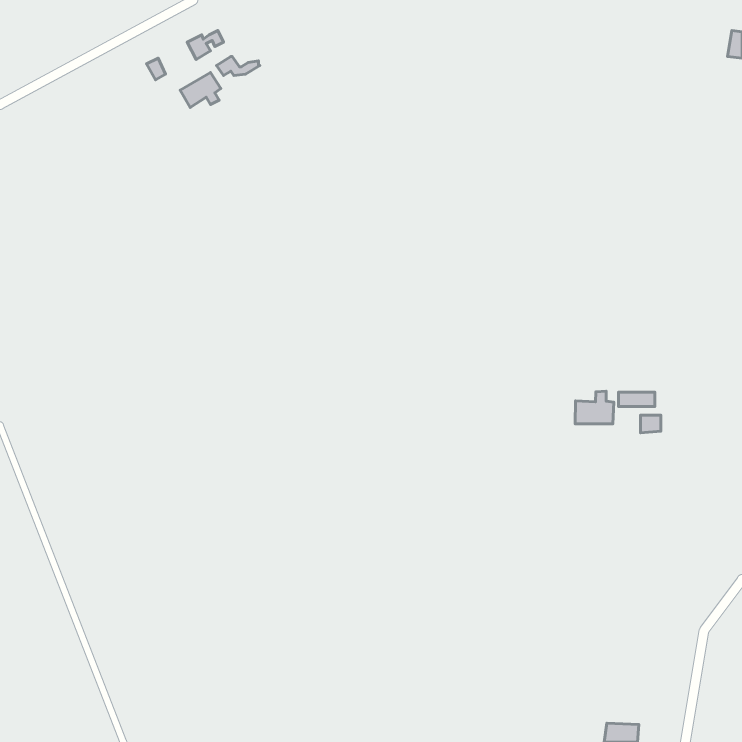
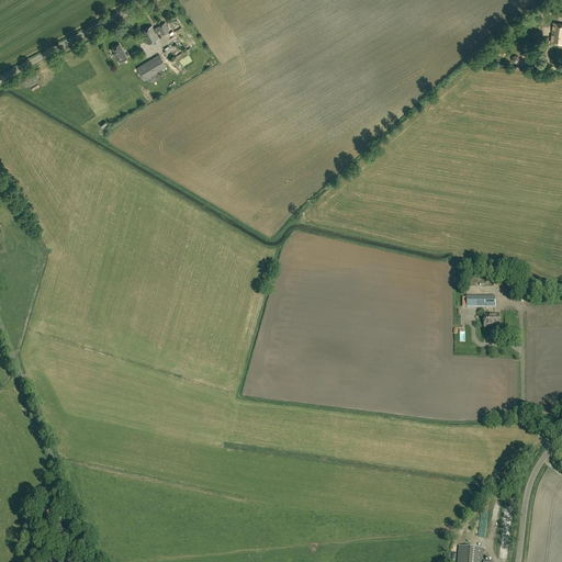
building: [575,391,614,424] -> none

